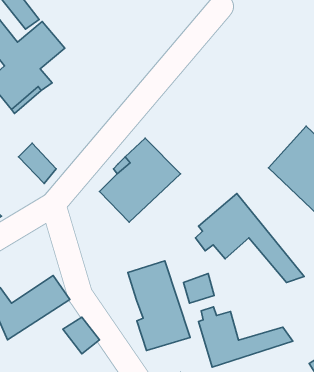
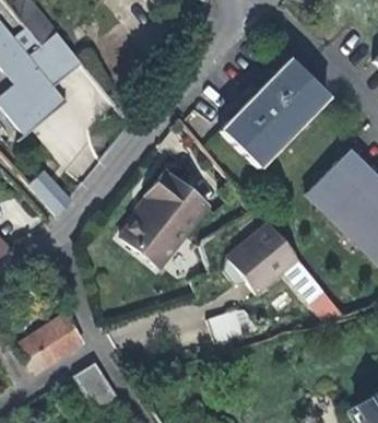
building: none -> [221,59,329,167]
building: [128,261,190,351] -> none
building: [198,307,293,367] -> none

